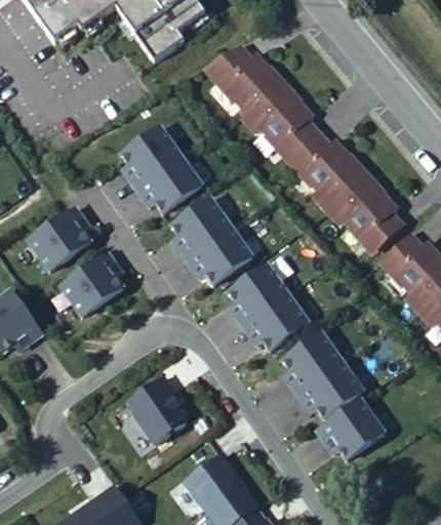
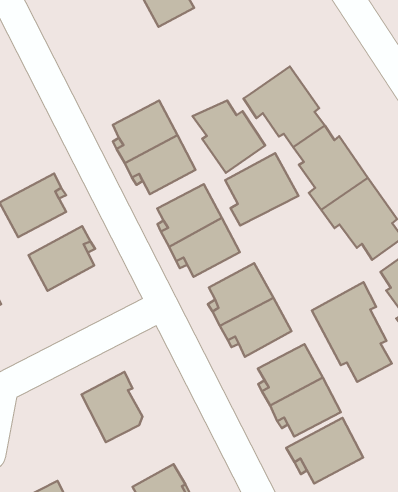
building: [209,42,279,109] -> [193,100,265,173]
building: none -> [225,153,298,225]
building: none -> [312,282,392,382]

